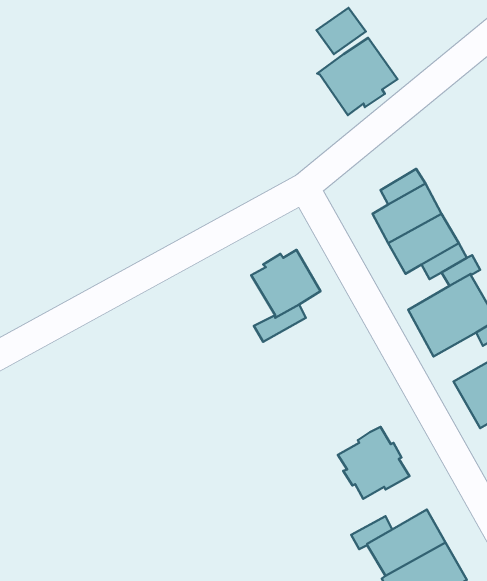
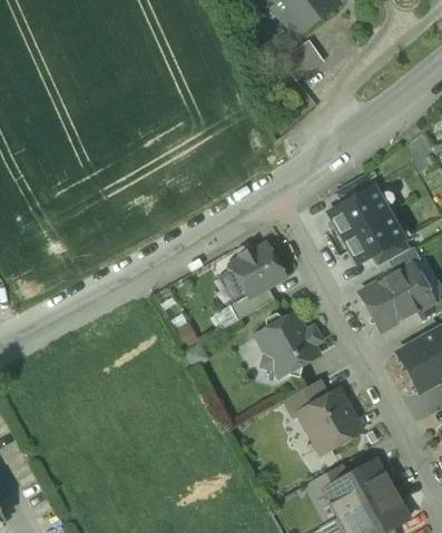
building: [317,38,397,115] -> none
building: none -> [256,313,321,376]
building: none -> [284,379,327,417]

